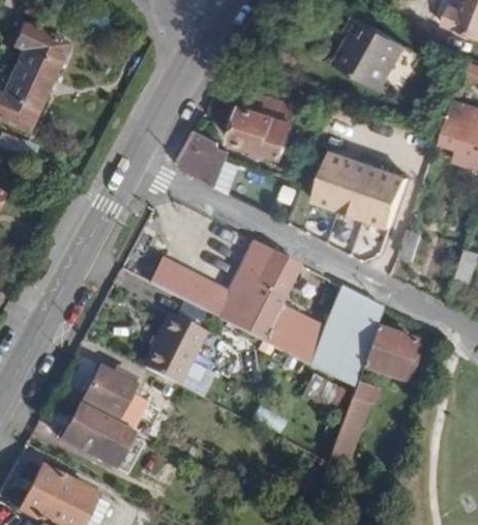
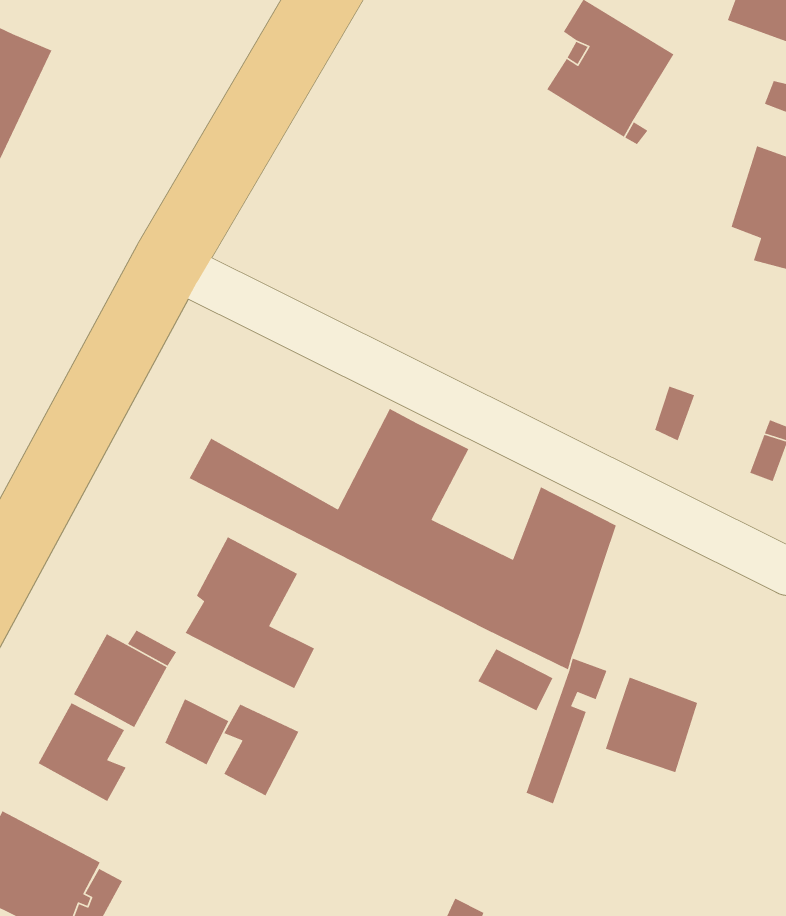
building: [231,87,299,155] -> none
building: [178,126,230,185] -> none
building: [315,149,411,228] -> none
building: [362,325,414,379] -> [605,676,698,773]
building: [99,420,142,472] -> [223,704,299,797]

